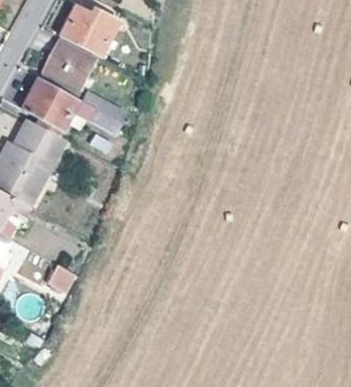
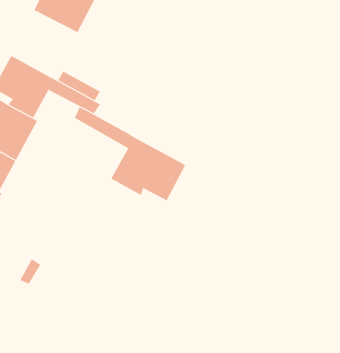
building: [43,38,98,98] -> none
building: none -> [74,107,186,201]

